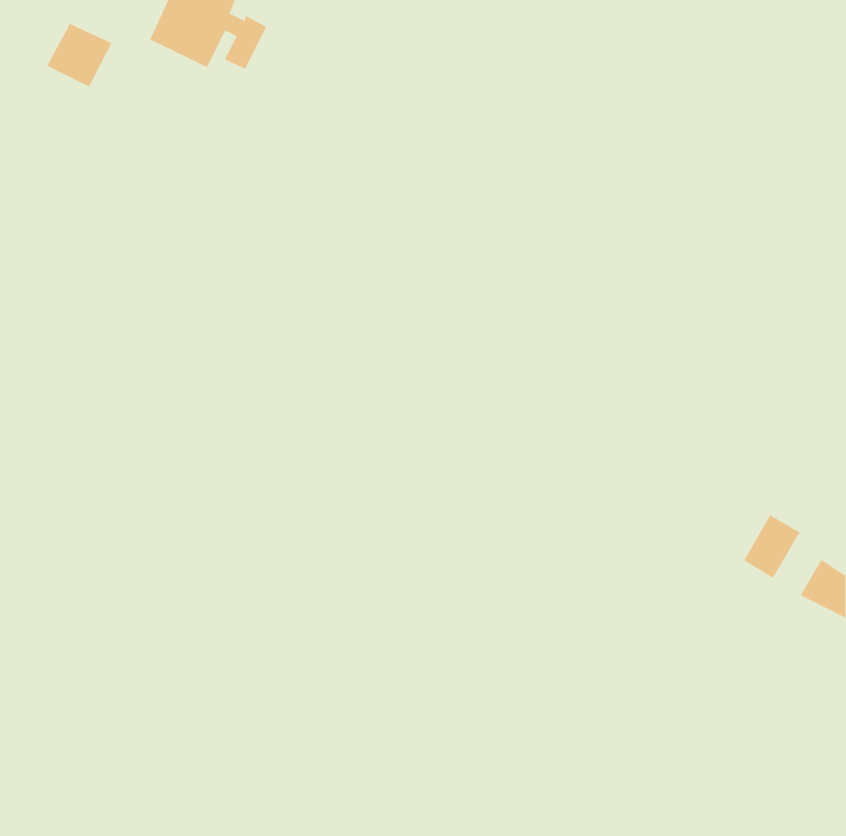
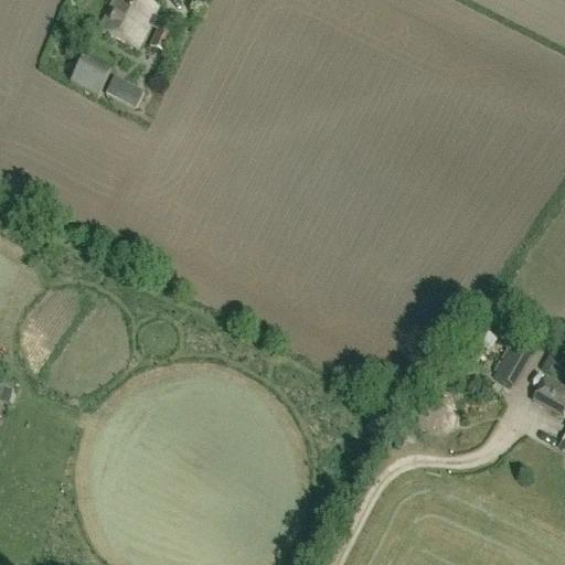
building: [46,23,113,88] -> [68,50,113,93]
building: none -> [105,75,141,106]

